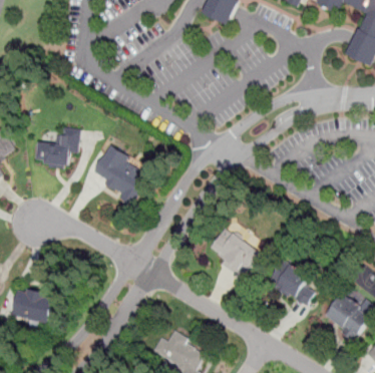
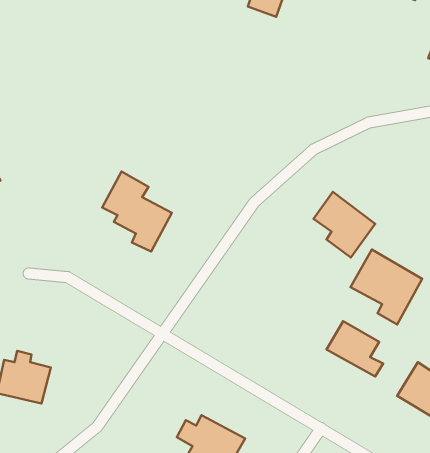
building: [35,127,78,167] -> none
building: none -> [351,250,422,325]
building: [210,227,258,278] -> [313,192,375,257]

